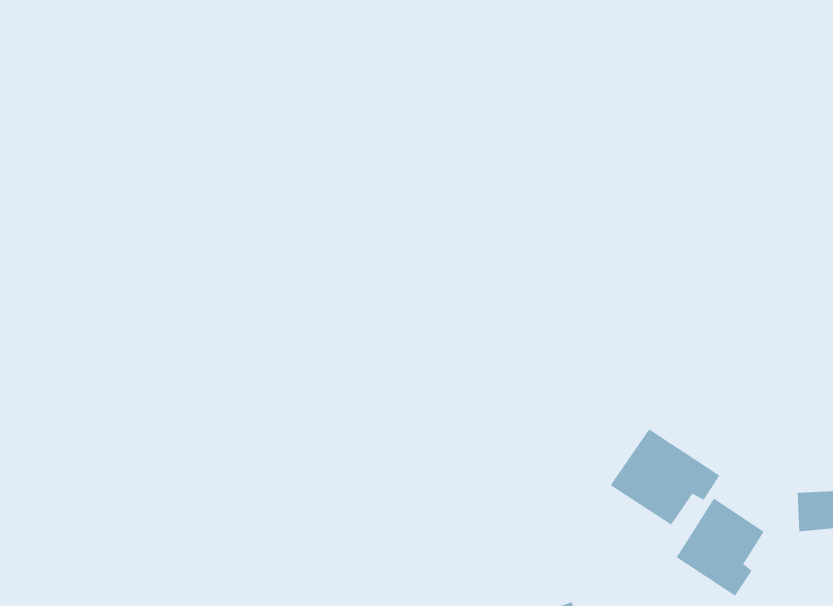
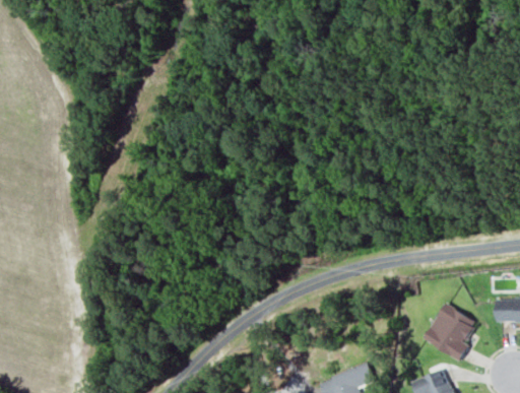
building: [610,429,720,525] -> none

